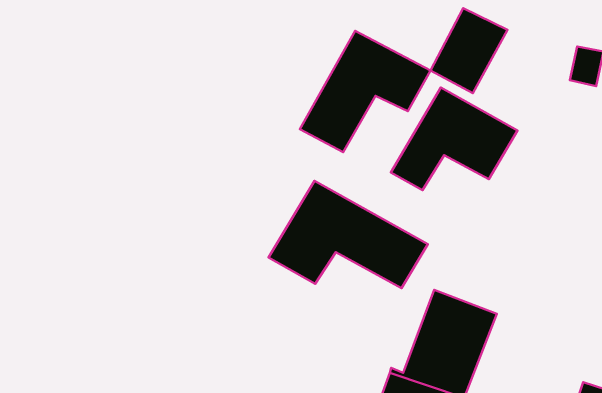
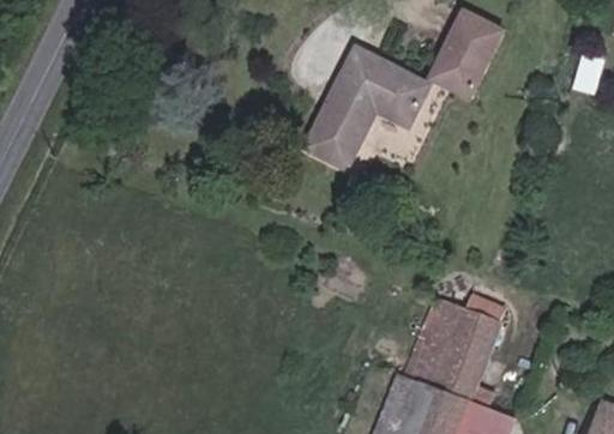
building: [391,87,517,190] -> none
building: [268,181,428,288] -> none

